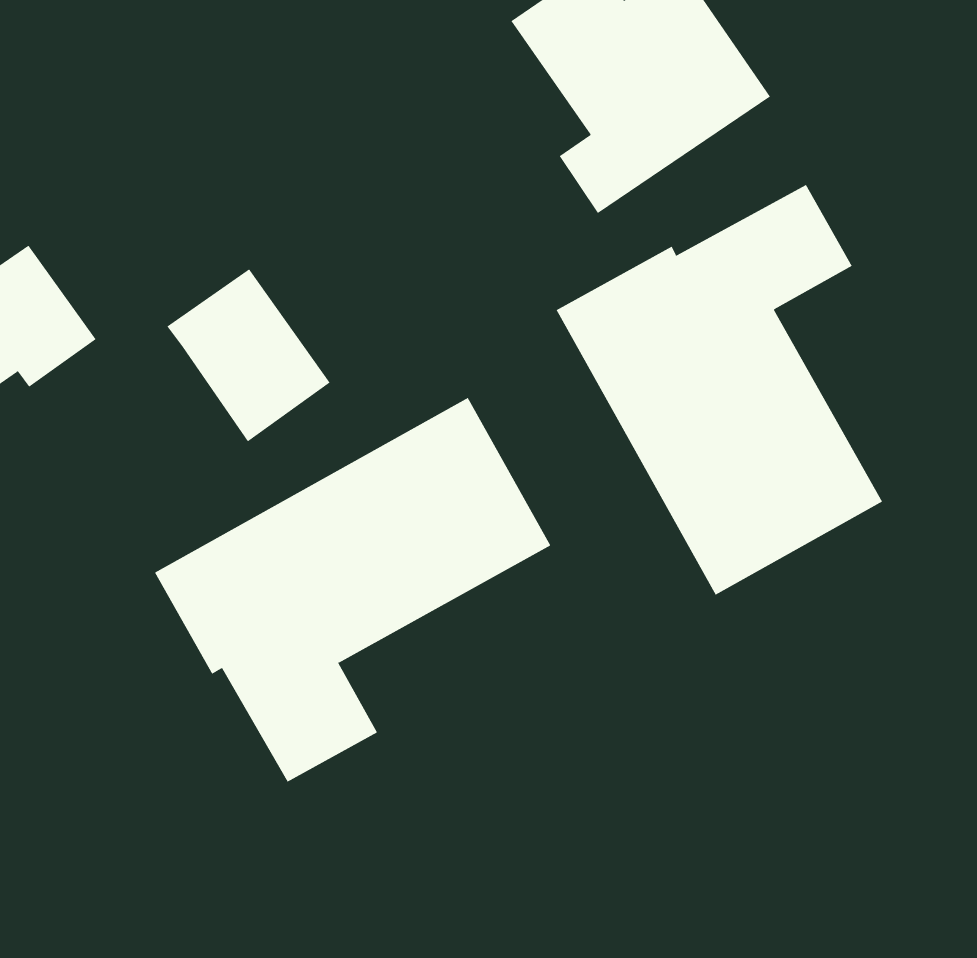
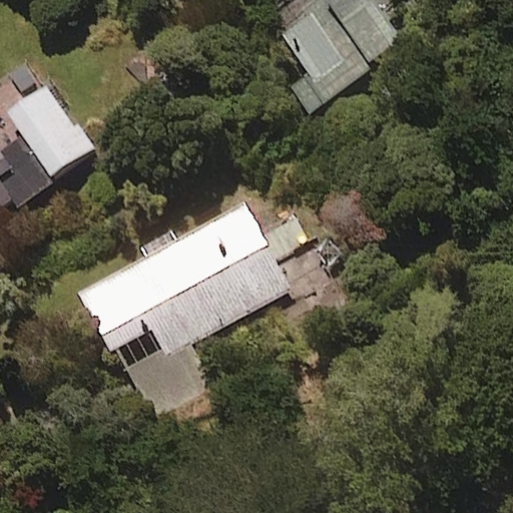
building: [556,184,883,595] -> none
building: [167,269,330,442] -> [8,80,93,170]

